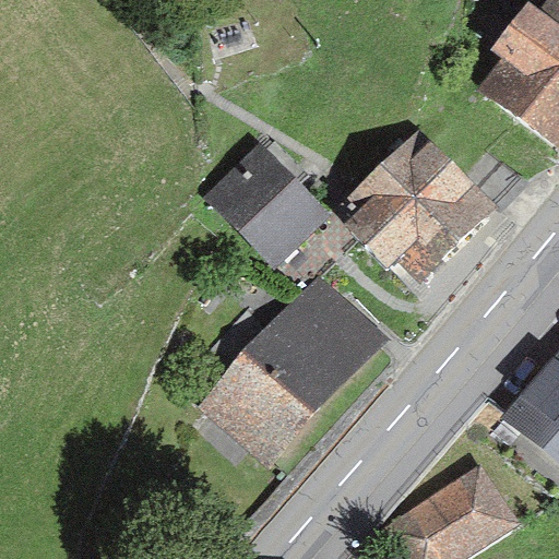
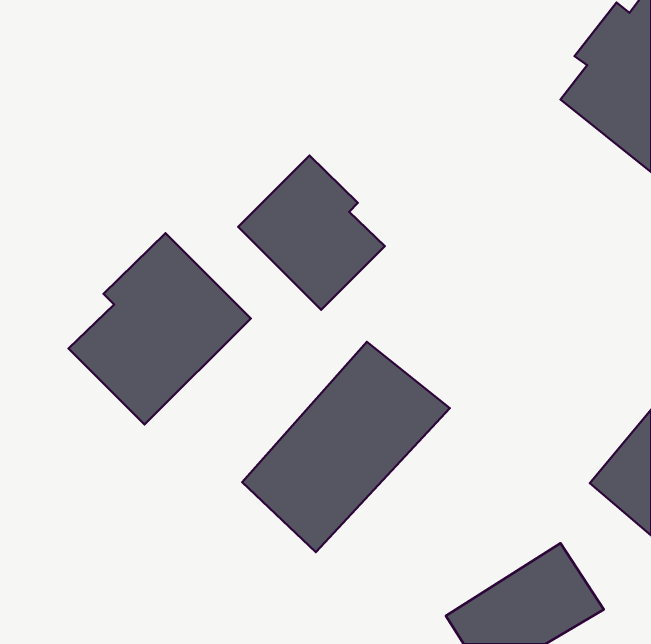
building: [344,129,497,282] -> none
building: none -> [69,233,251,425]

